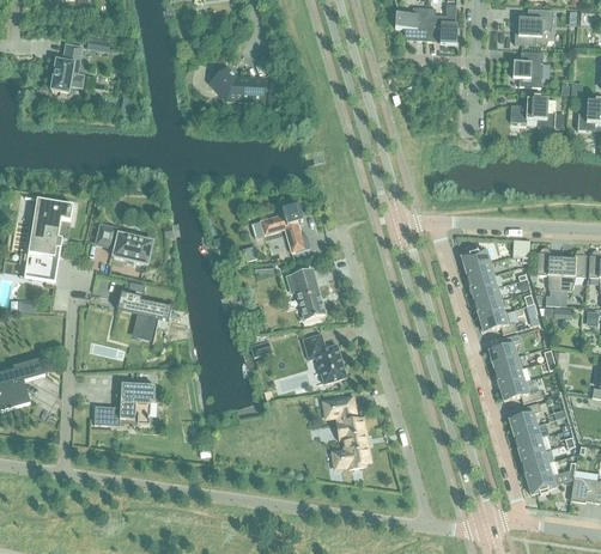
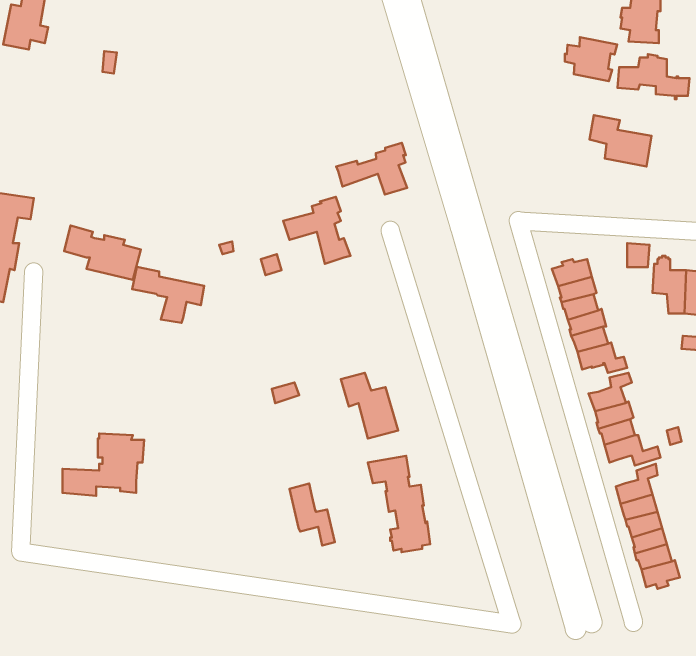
building: [210,65,265,101] -> none
building: none -> [565,37,617,81]
building: none -> [590,115,651,167]
building: none -> [336,143,407,194]
building: [292,267,323,317] -> none
building: [116,291,170,333] -> [132,267,204,323]
building: none -> [290,484,335,546]

